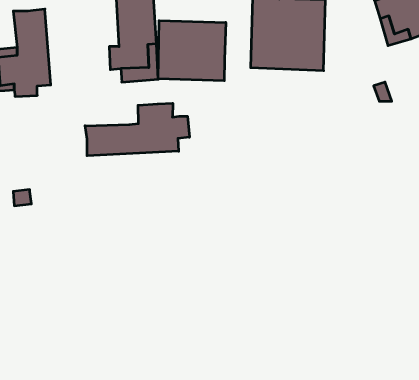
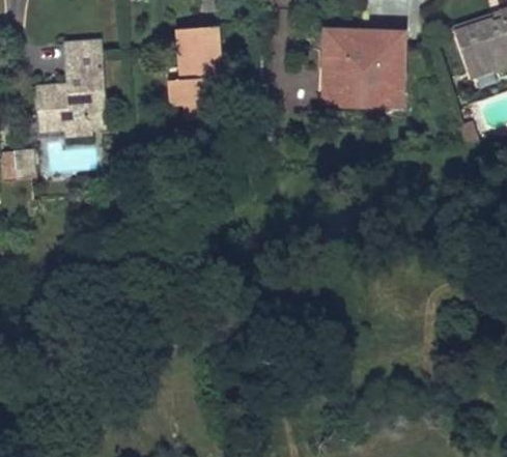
building: [158,21,226,81] -> none
building: [85,103,189,156] -> none

